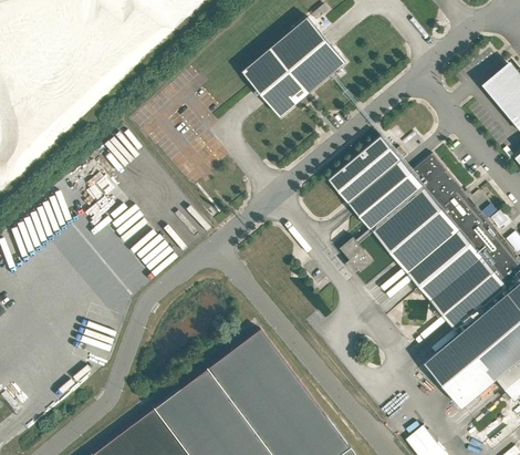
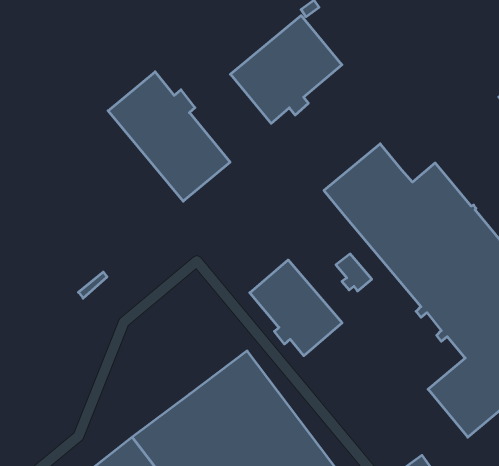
building: none -> [108,72,230,201]
building: none -> [250,260,342,356]

